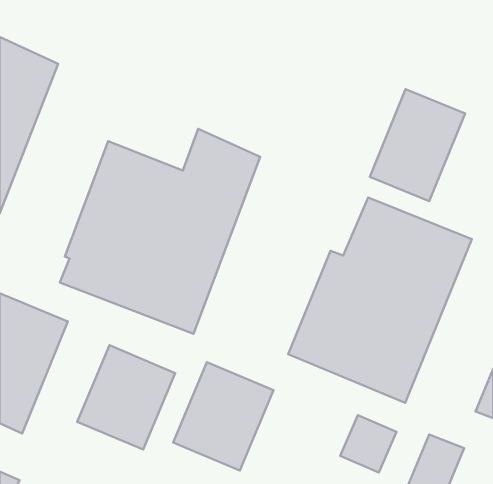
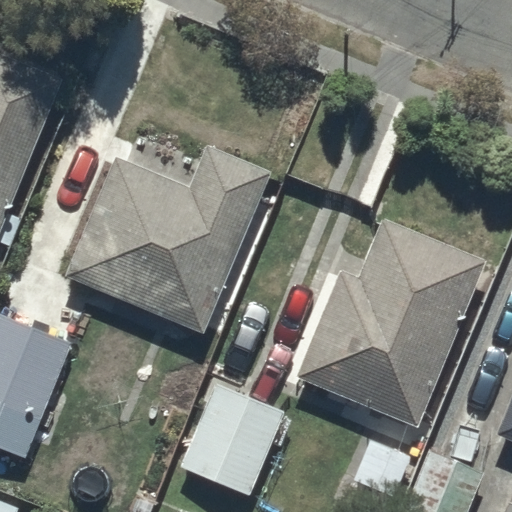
building: [370,89,465,201] -> none
building: [77,345,175,450] -> none

